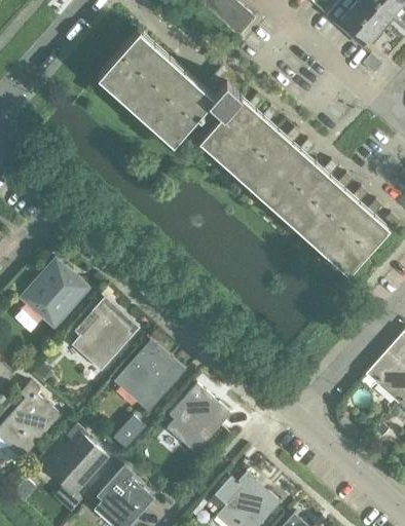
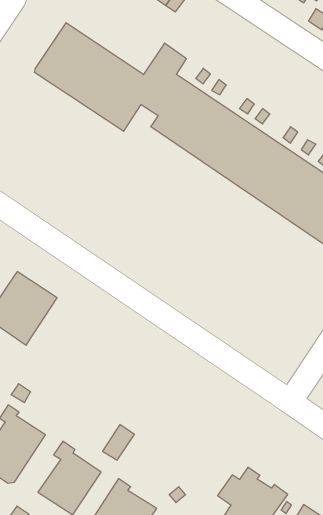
building: [72,299,137,370] -> none
building: [114,341,185,412] -> none
building: [168,383,231,452] -> none

